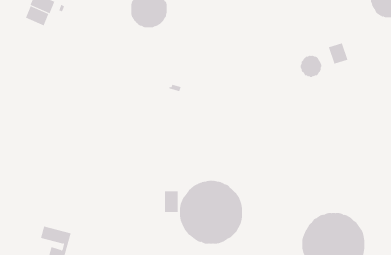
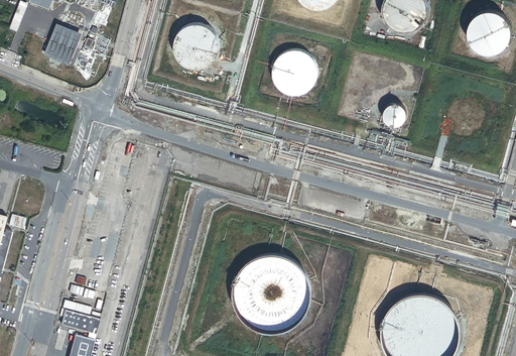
building: none -> [270,49,316,96]
building: [328,42,348,64] -> none
building: [164,190,178,213] -> none

